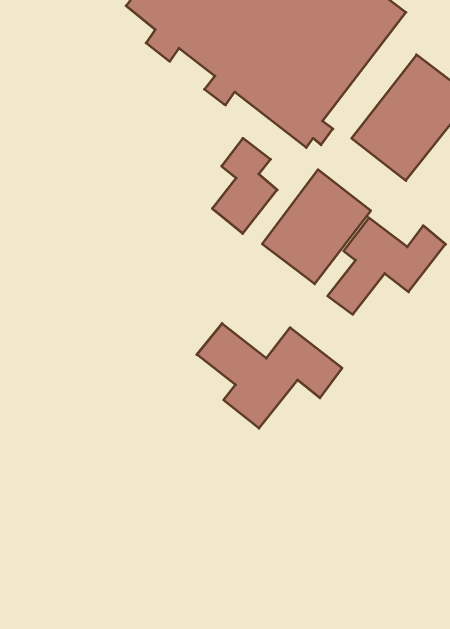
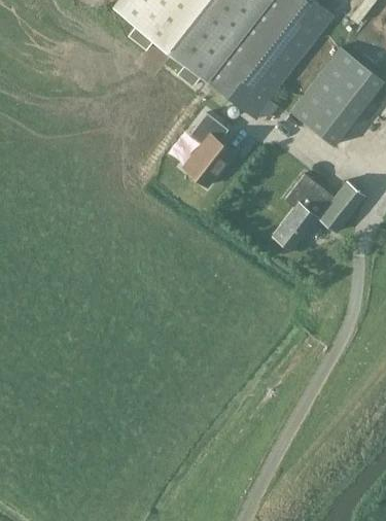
building: [262,170,371,284] -> none
building: [197,323,342,428] -> none

